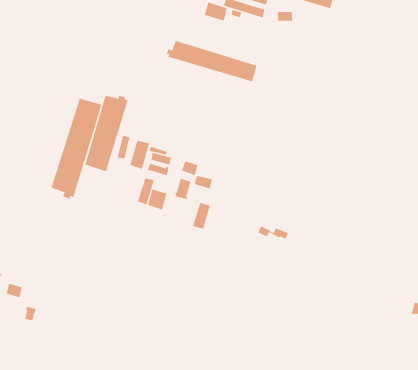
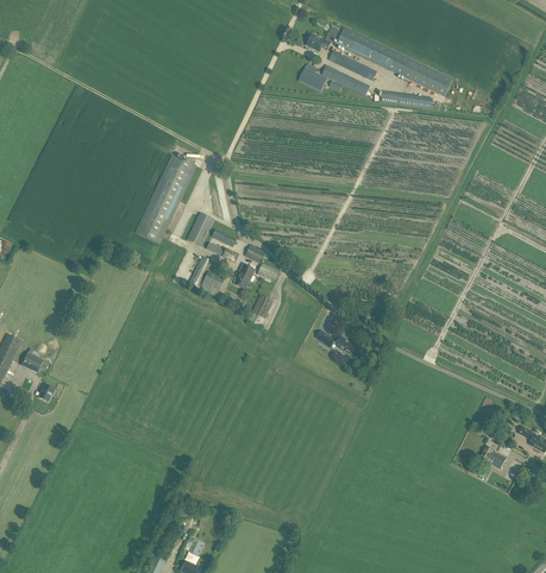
building: [166,40,257,82] -> none
building: [51,98,102,199] -> none

